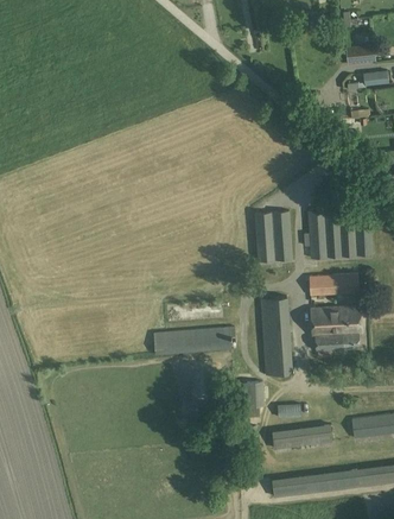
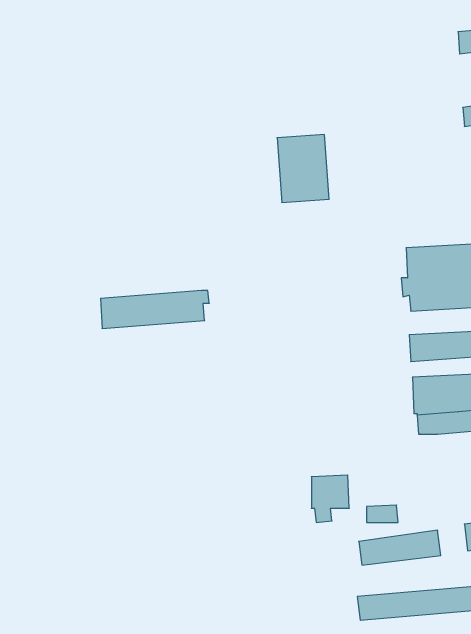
building: [254,211,293,262] -> [277,135,329,202]
building: [262,296,290,372] -> none
building: [154,328,236,356] -> [101,291,209,328]

